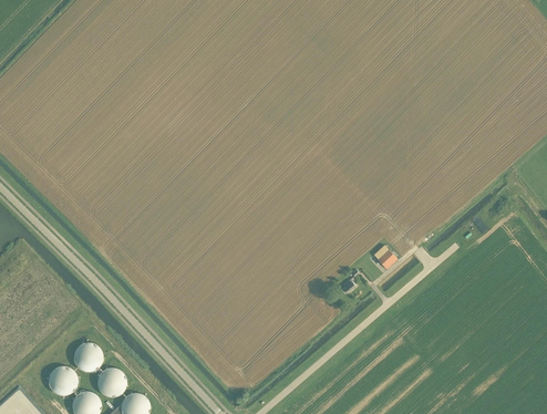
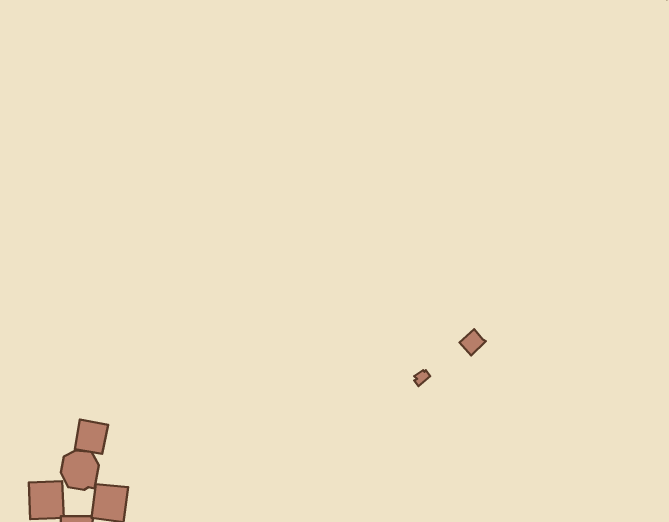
building: none -> [75,420,108,454]

